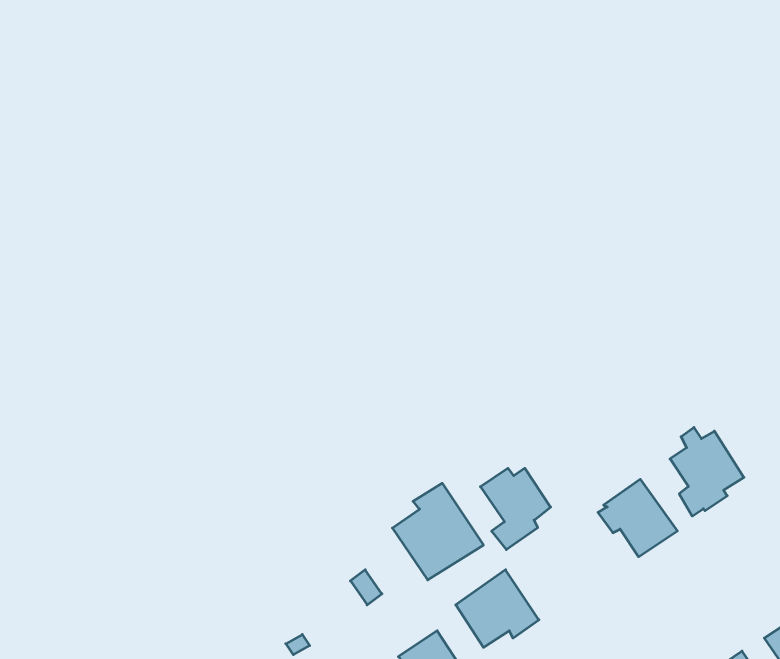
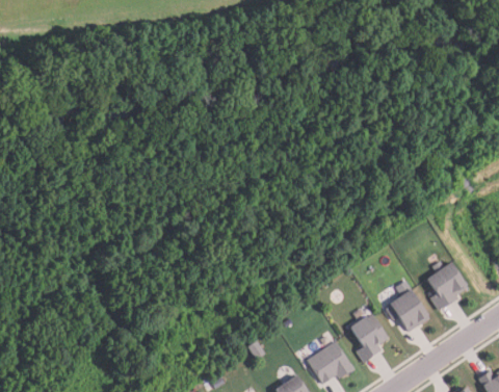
building: [480,468,551,550] -> [349,316,389,362]
building: [392,483,483,580] -> none

